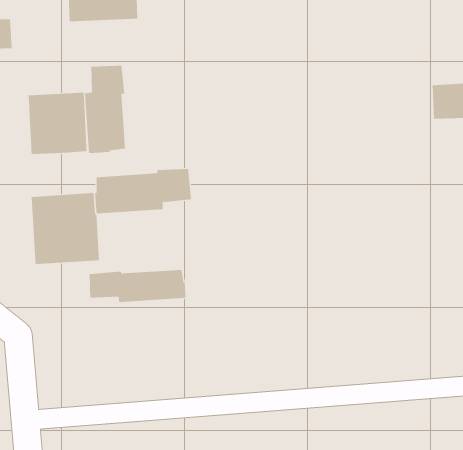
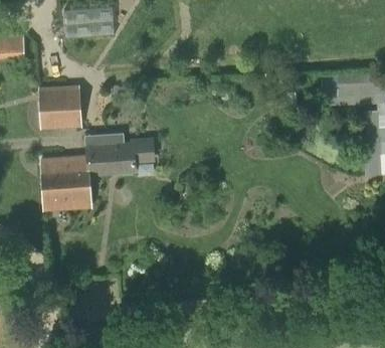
building: [84,65,125,154] -> none
building: [89,269,186,303] -> none

